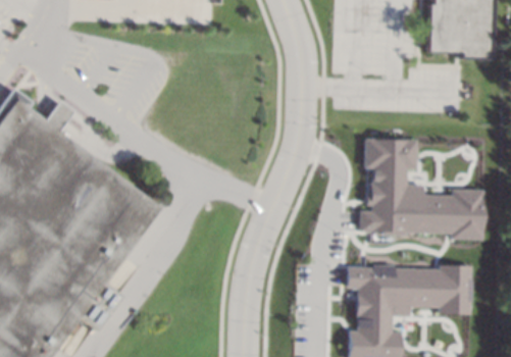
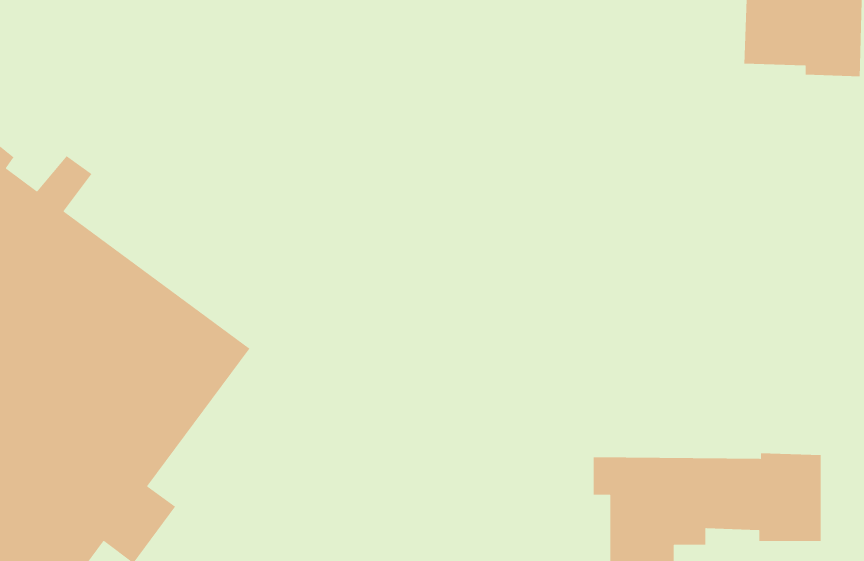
building: [358,140,483,240] -> none

